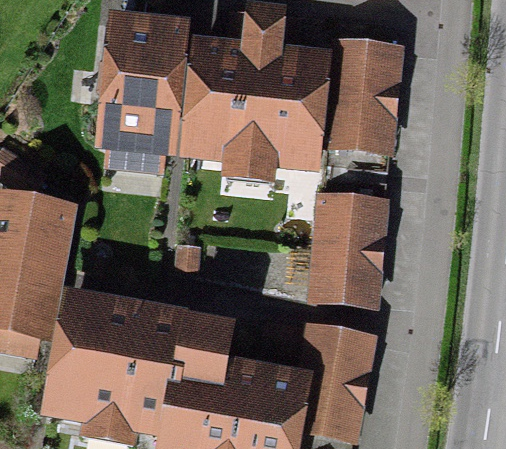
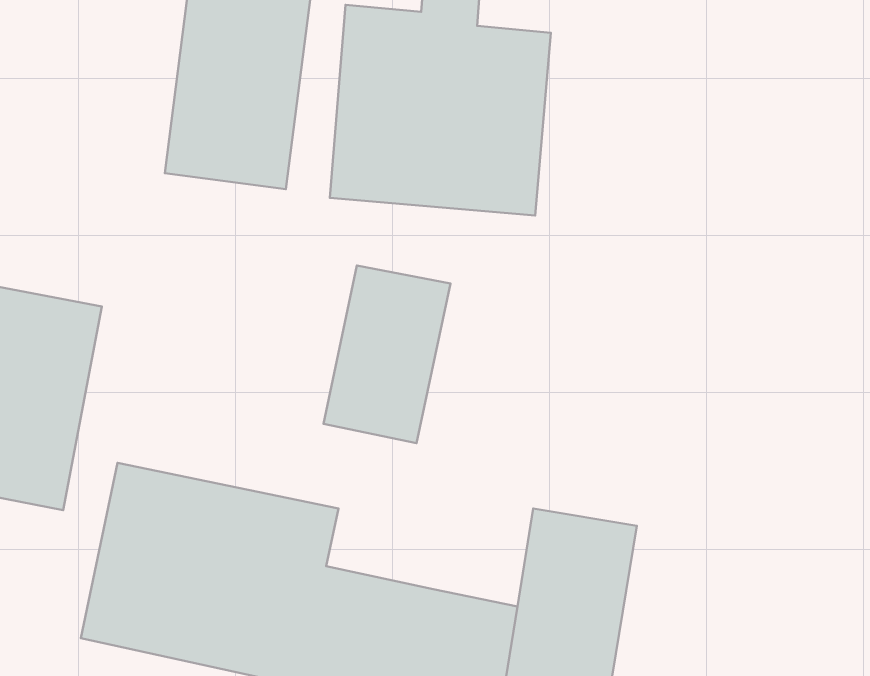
building: [330,45,396,165] -> none
building: [313,177,384,301] -> none
building: none -> [323,265,450,443]

